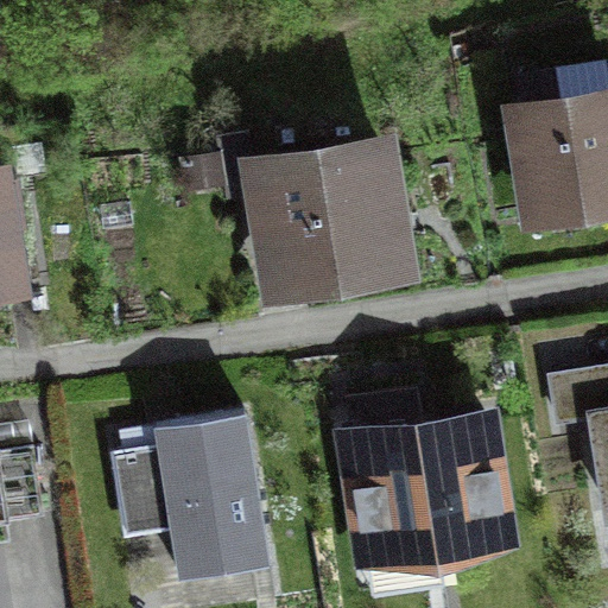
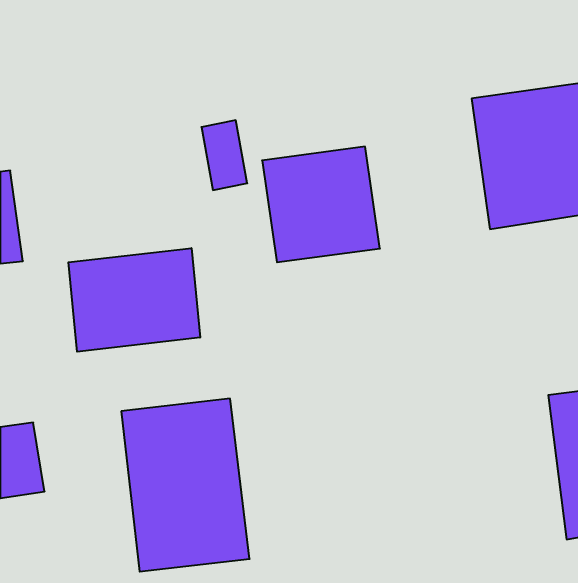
building: none -> [68,248,200,352]
building: [340,394,528,568] -> none

